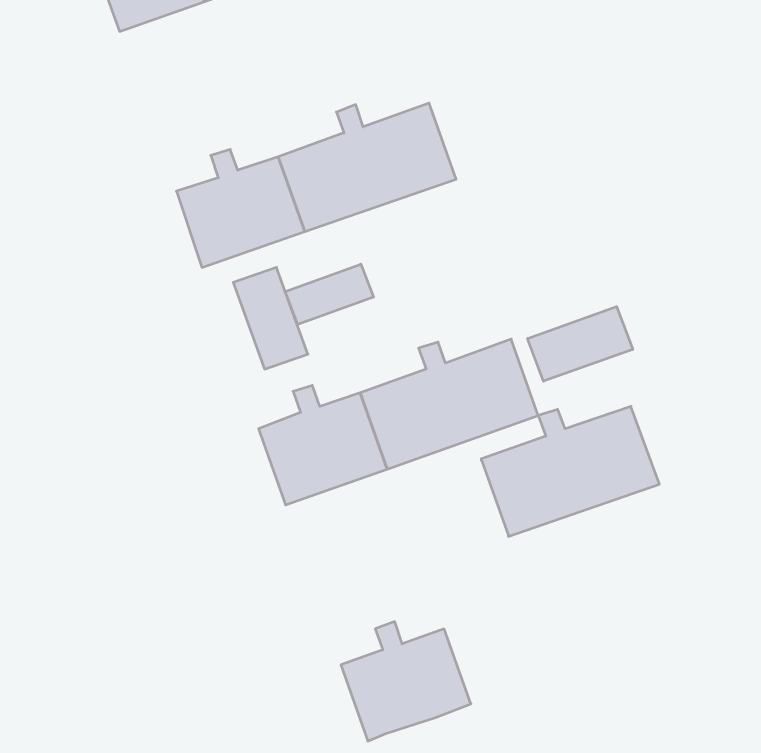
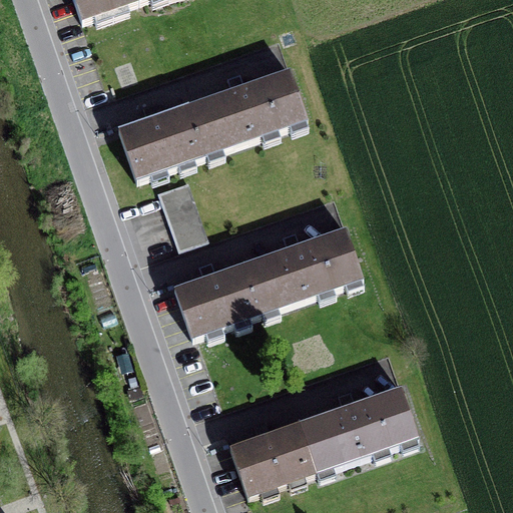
building: [285,264,373,324] -> none
building: [528,307,633,381] -> none
building: [481,406,659,536] -> [298,386,417,473]

